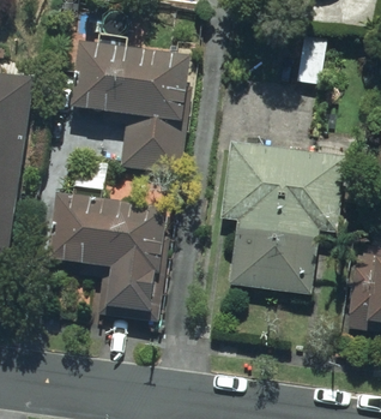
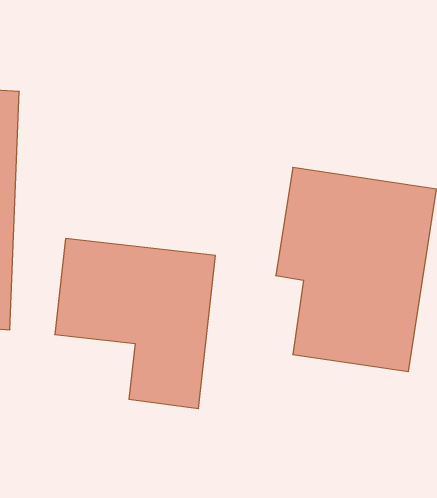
building: [78,50,200,169] -> none

